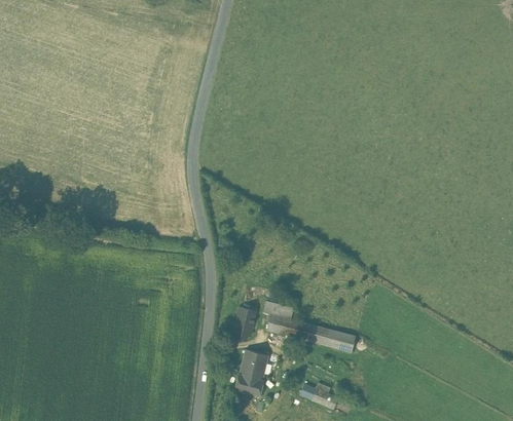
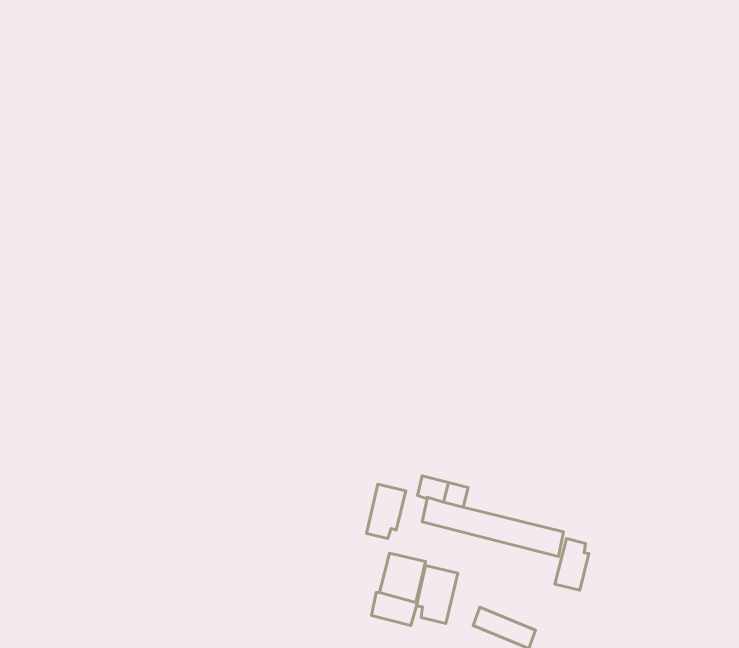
building: none -> [555,538,589,590]
building: none -> [417,565,458,623]

